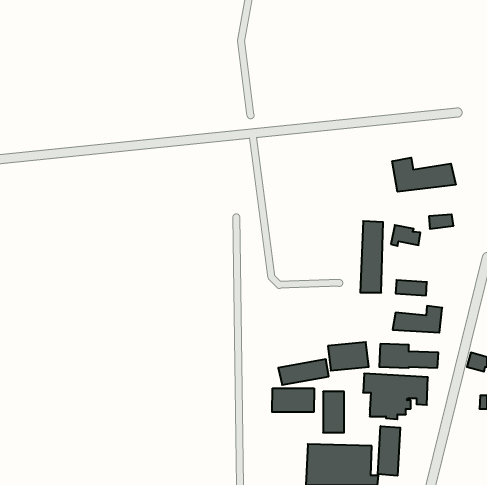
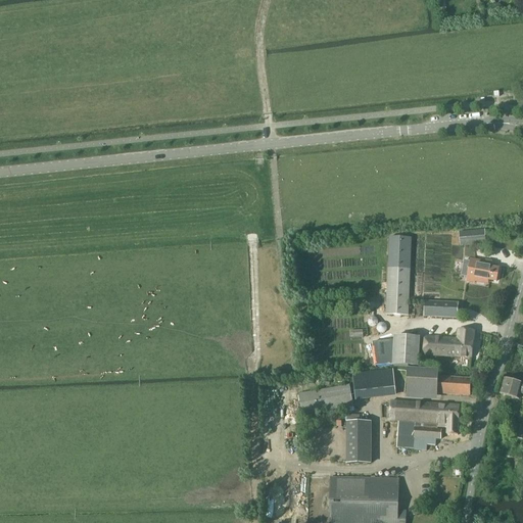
building: [392,158,456,192] -> none
building: [391,225,420,246] -> [467,259,498,282]
building: none -> [371,335,420,367]
building: [272,388,314,412] -> none
building: [378,426,400,476] -> none

